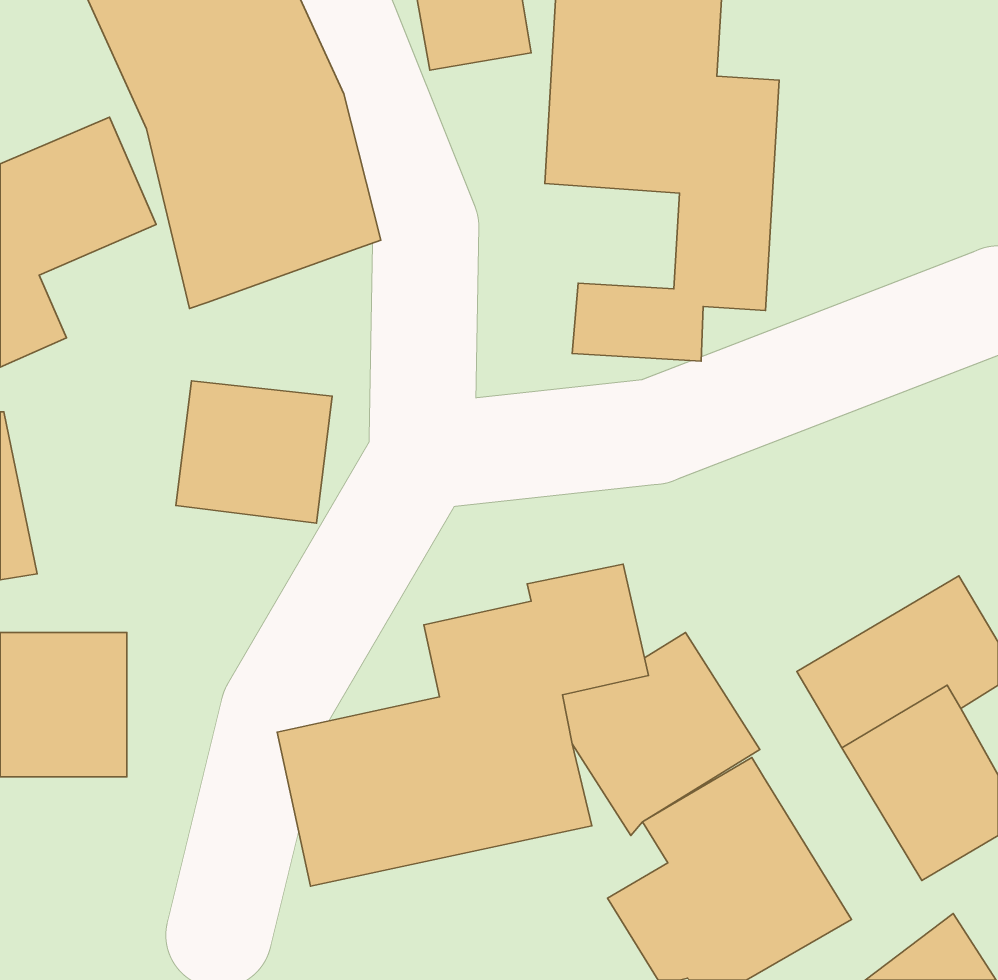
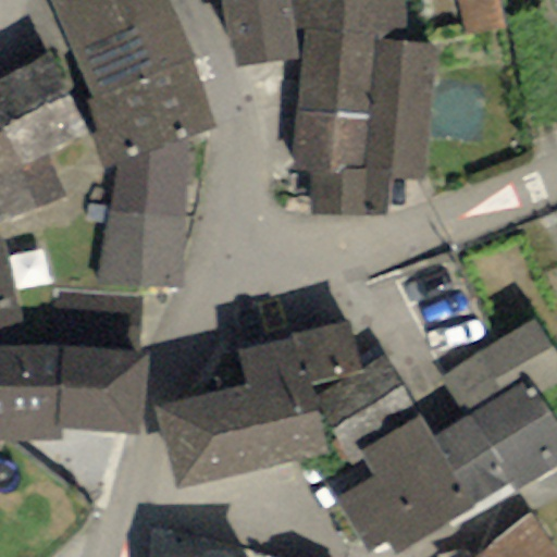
building: none -> [300,102,379,161]
building: none -> [107,139,197,221]
building: none -> [71,352,144,421]
building: none -> [425,409,513,512]

